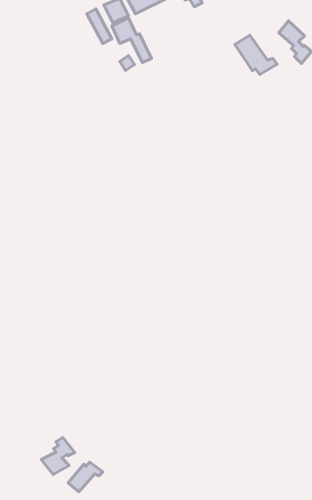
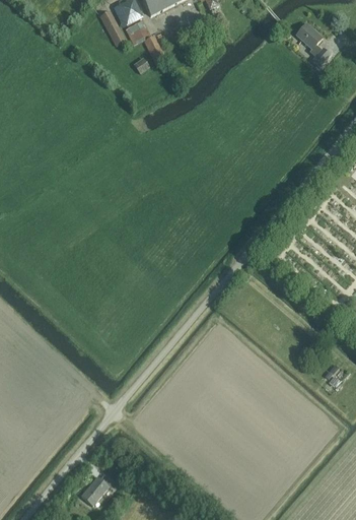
building: [235,35,277,74] -> none
building: [41,438,75,474] -> none

